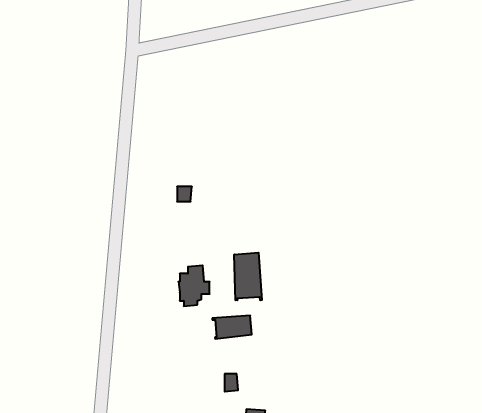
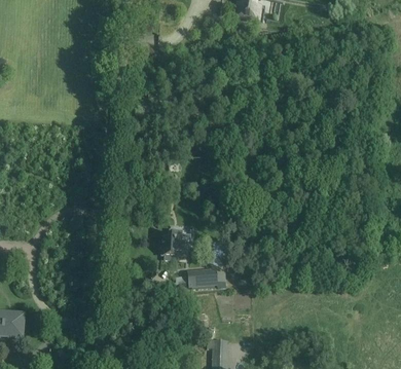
building: [234,253,262,300] -> none

